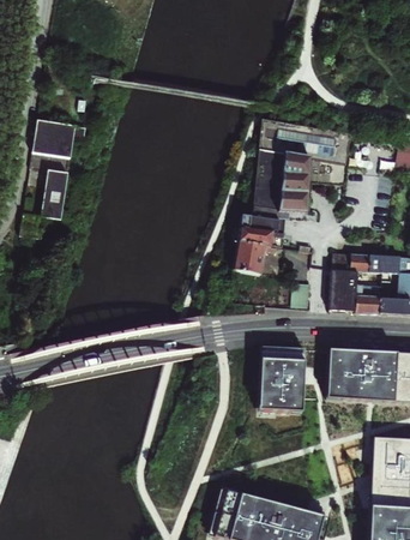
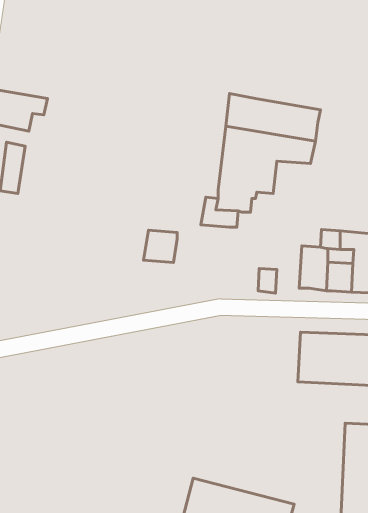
building: [230,246,263,277] -> [144,230,177,263]
building: [260,346,306,412] -> none

